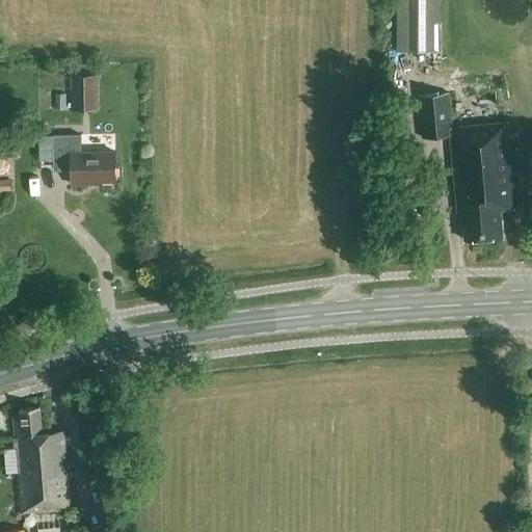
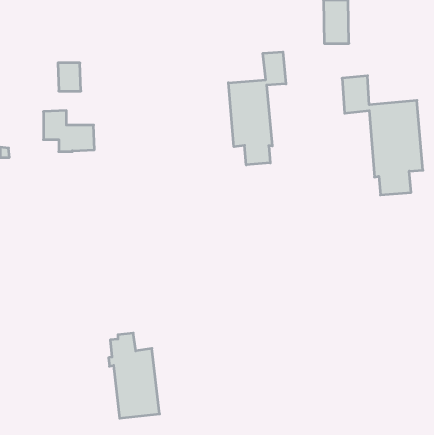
building: none -> [228,52,286,165]
building: [10,408,73,512] -> [109,333,160,418]

